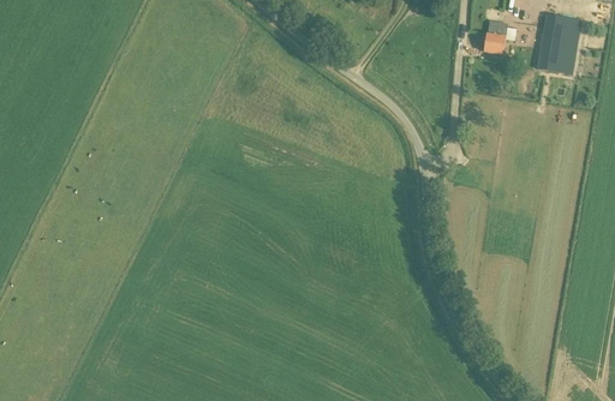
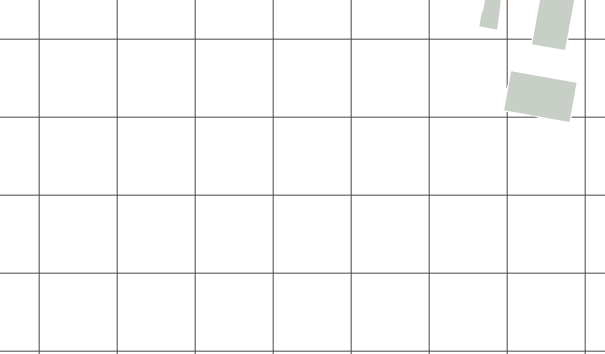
building: none -> [503,70,577,123]

